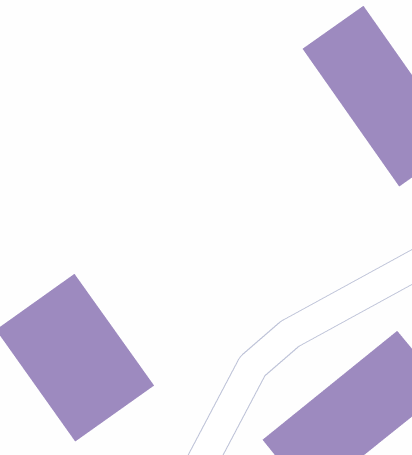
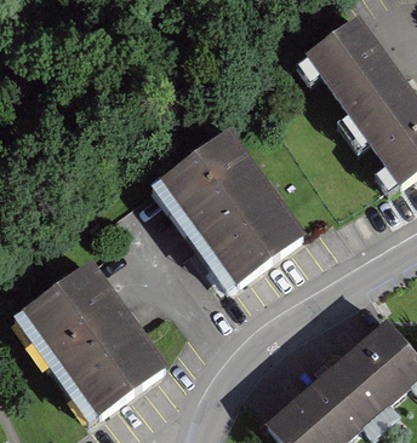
building: none -> [150,131,301,289]

